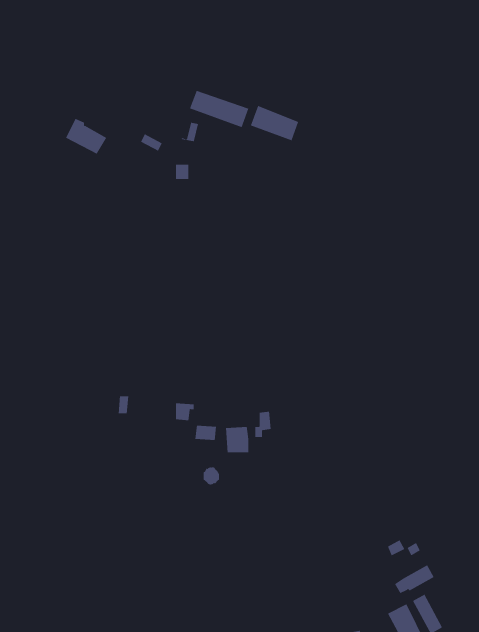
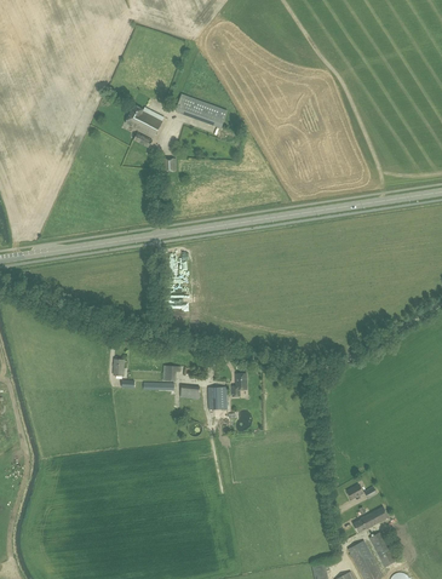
building: [250,105,299,141] -> none
building: [65,118,107,155] -> [126,105,162,137]

